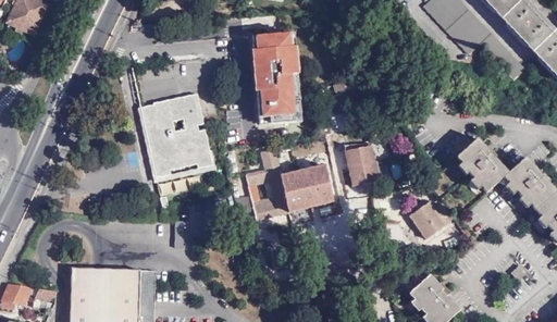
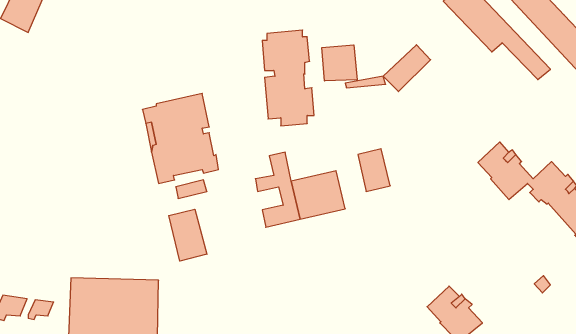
building: none -> [383,45,431,92]
building: none -> [322,45,357,81]
building: none -> [169,209,207,261]
building: [408,202,451,238] -> none

